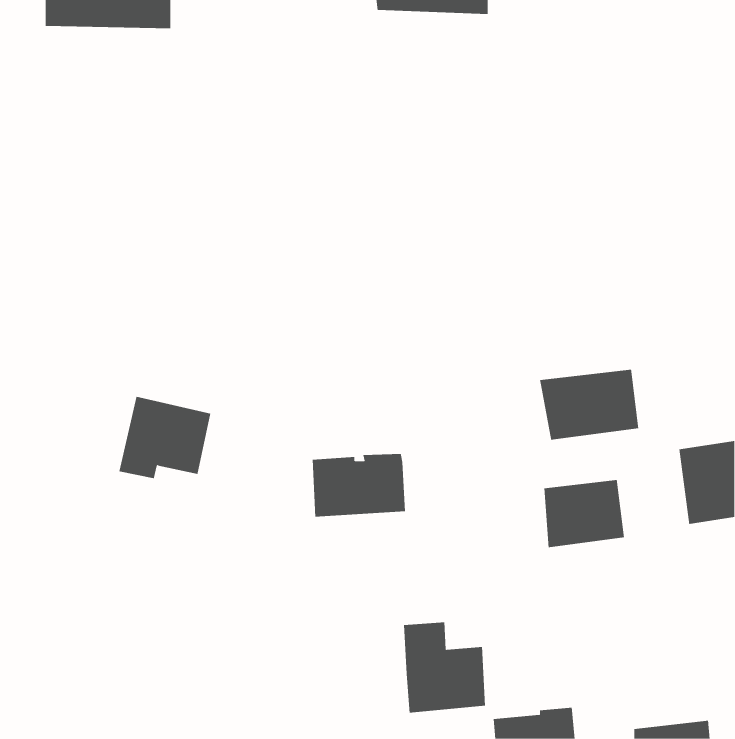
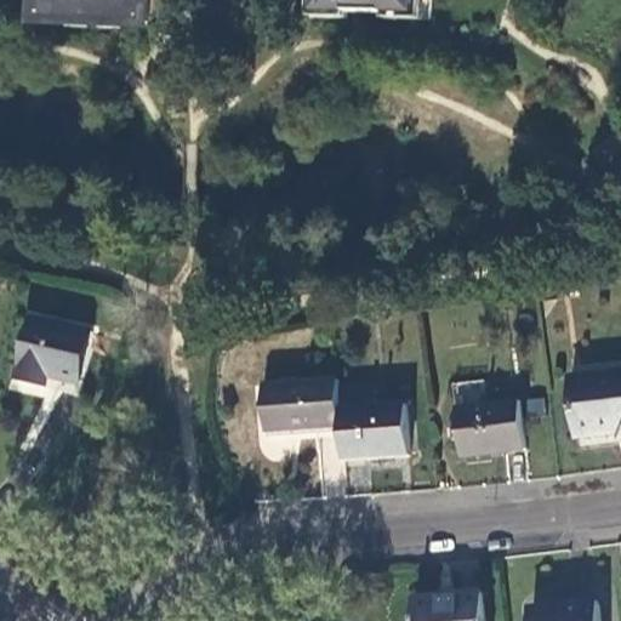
building: [540,369,639,441] -> none
building: [118,396,211,479] -> [12,318,90,387]
building: [403,622,486,713] -> [337,384,406,461]

